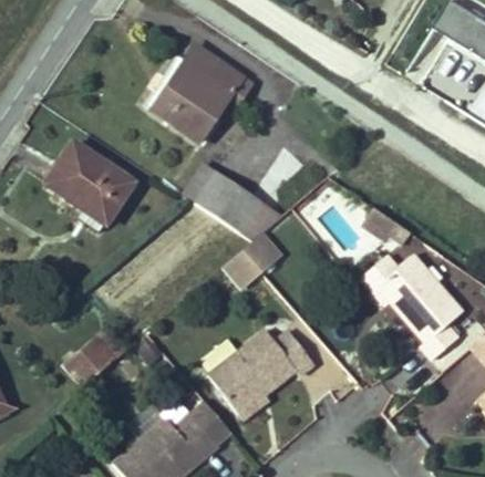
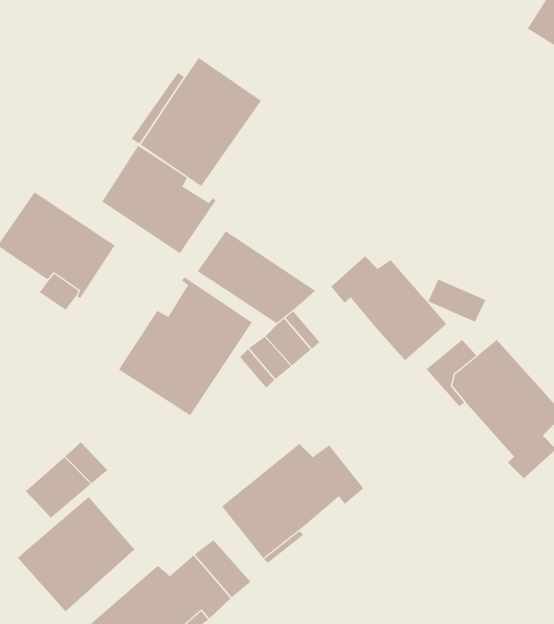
building: none -> [102,145,216,254]
building: none -> [331,256,447,361]
building: none -> [118,277,253,416]
building: none -> [17,496,135,612]

